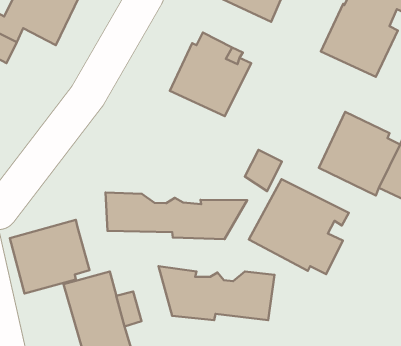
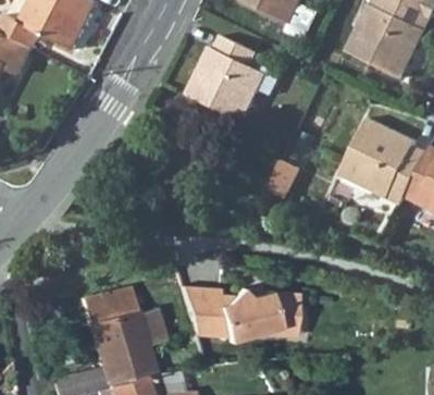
building: [249,179,349,274] -> none
building: [105,193,247,239] -> none
building: [10,220,90,293] -> none

